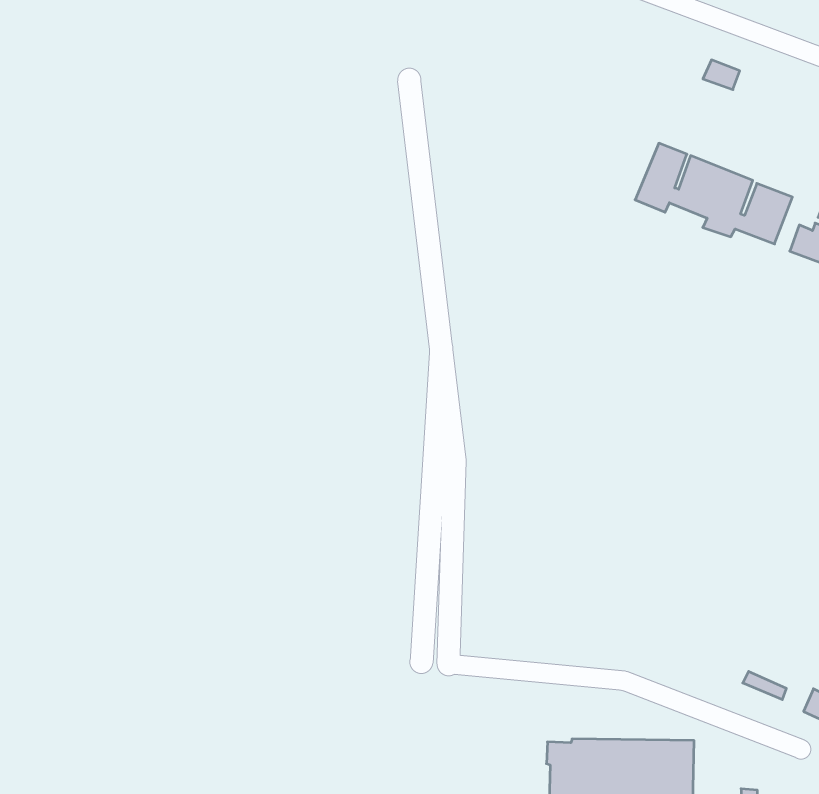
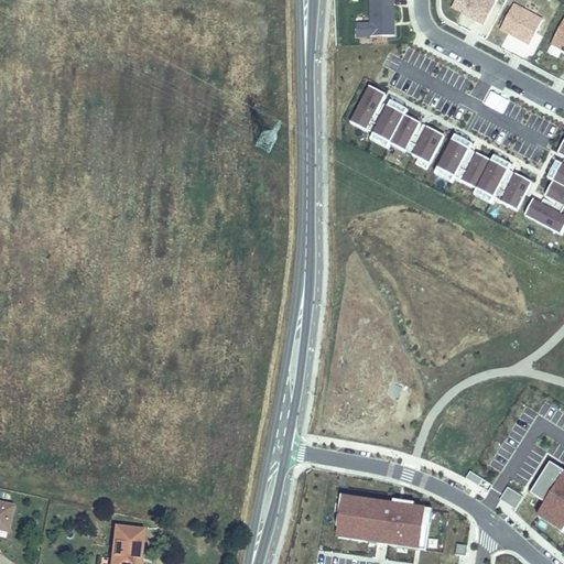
building: none -> [351,85,444,166]

